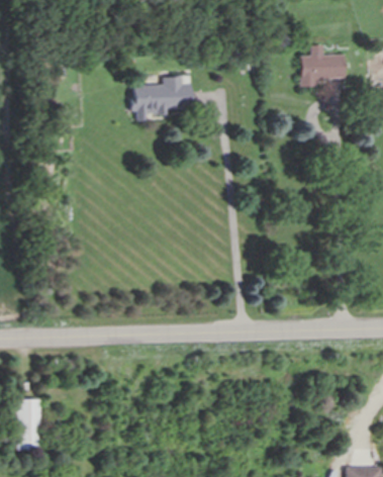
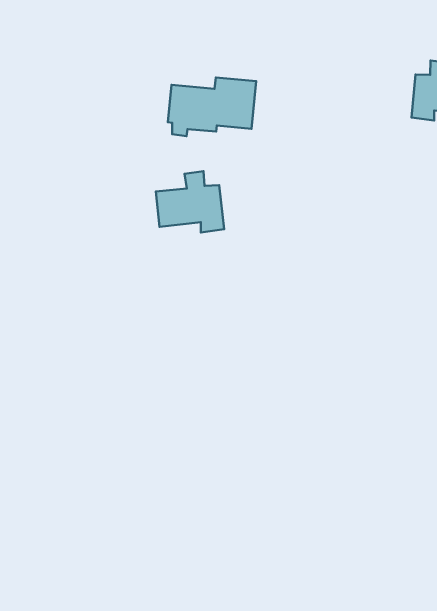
building: none -> [156,171,224,233]

